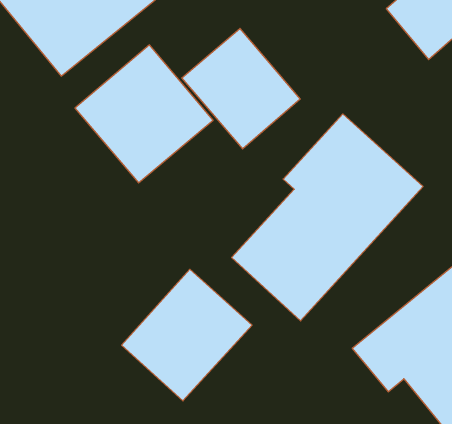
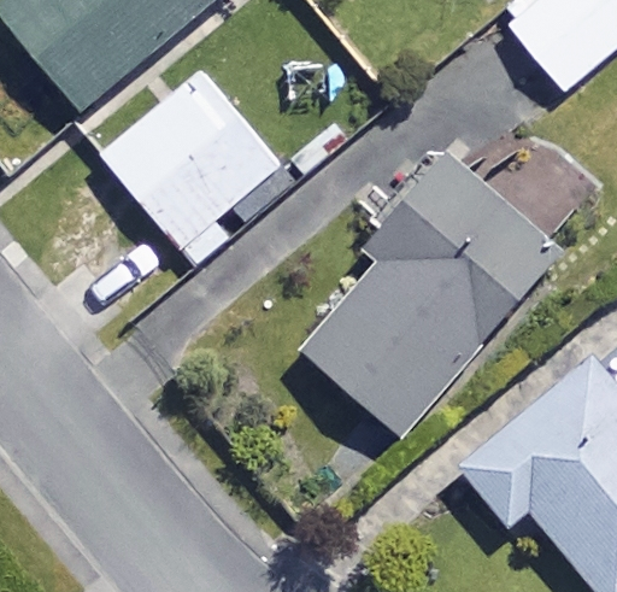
building: [182,28,300,149] -> none
building: [122,269,252,401] -> none

